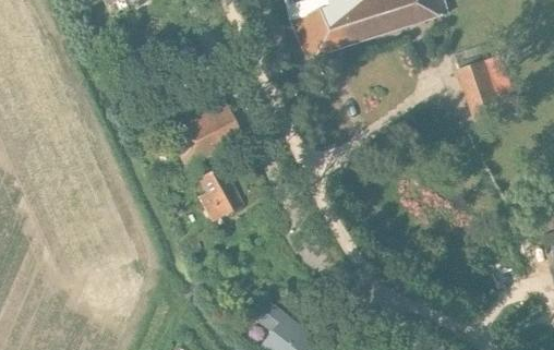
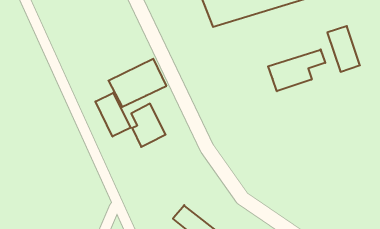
building: none -> [268,49,325,91]
building: none -> [95,93,130,137]

